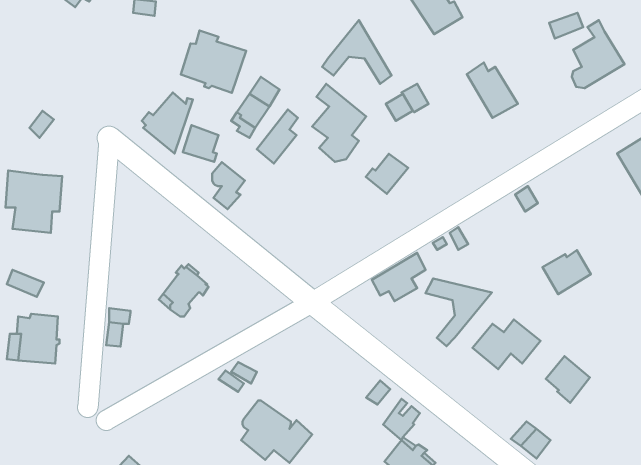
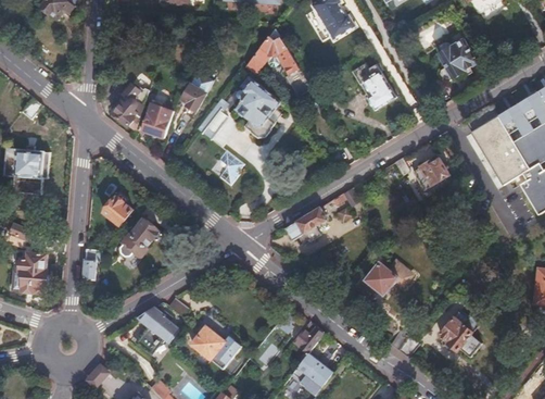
building: [181,31,246,93] -> none
building: [366,154,408,194] -> none
building: [212,162,245,209] -> [218,150,243,186]
building: none -> [104,192,134,223]
building: [543,250,591,294] -> [416,154,453,188]
building: [425,279,492,346] -> none
building: [546,356,590,403] -> [443,323,477,359]
building: none -> [135,308,176,352]

